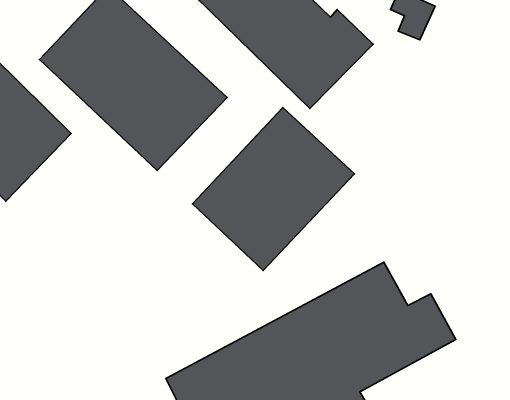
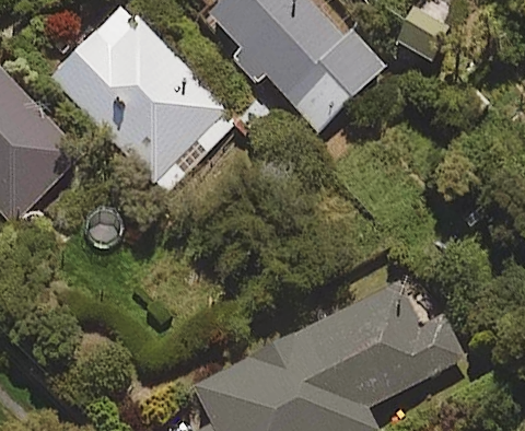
building: [193,107,355,270] -> none

